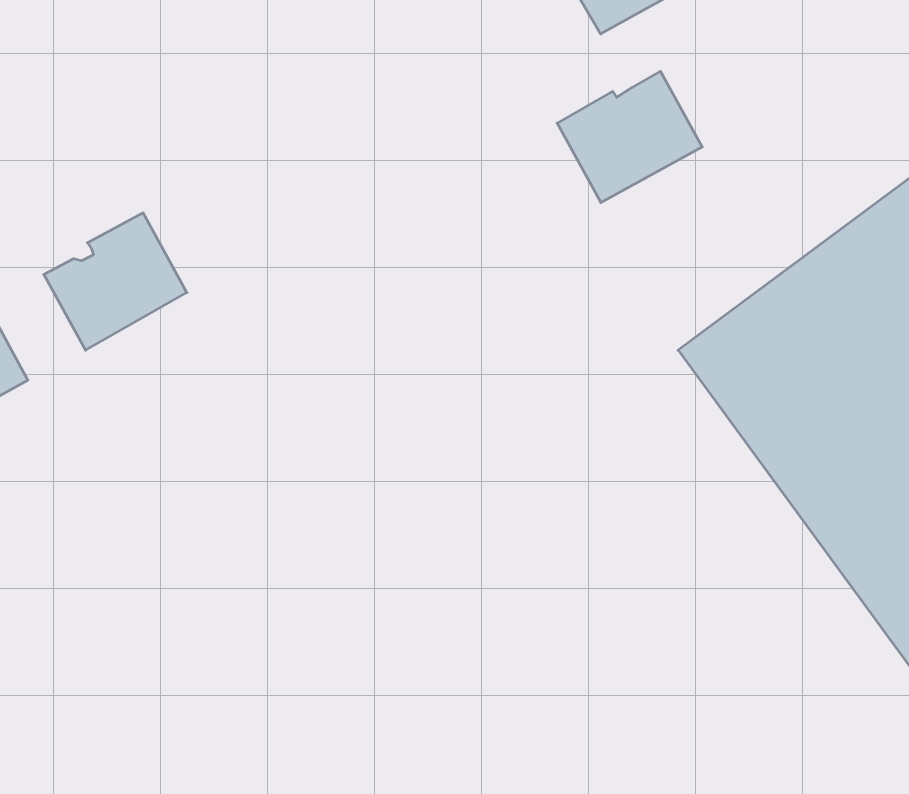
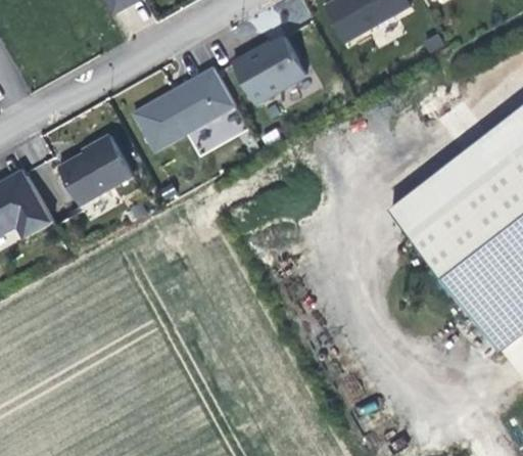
building: [557,71,702,203] -> [234,35,308,102]
building: none -> [135,66,237,150]

